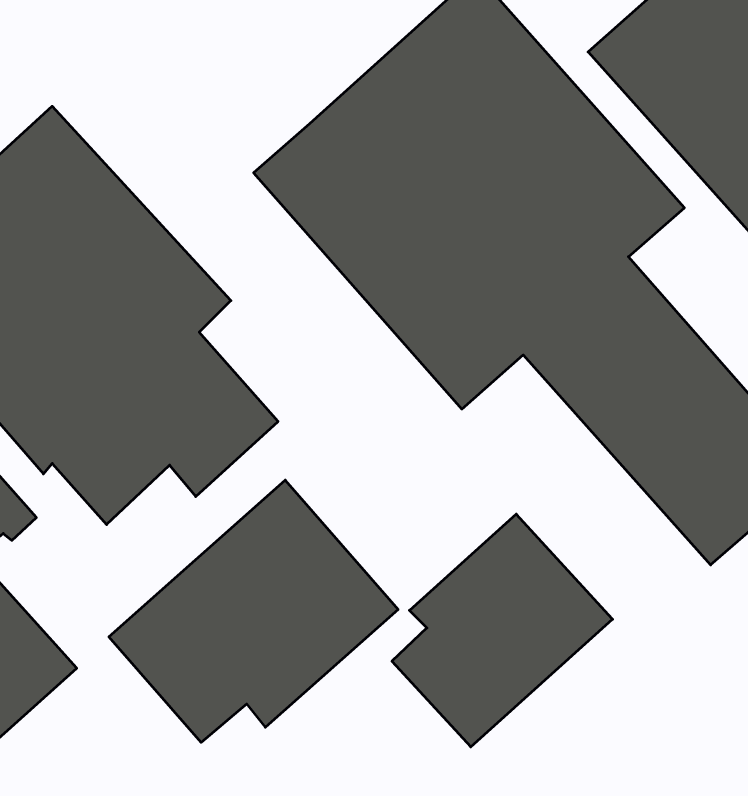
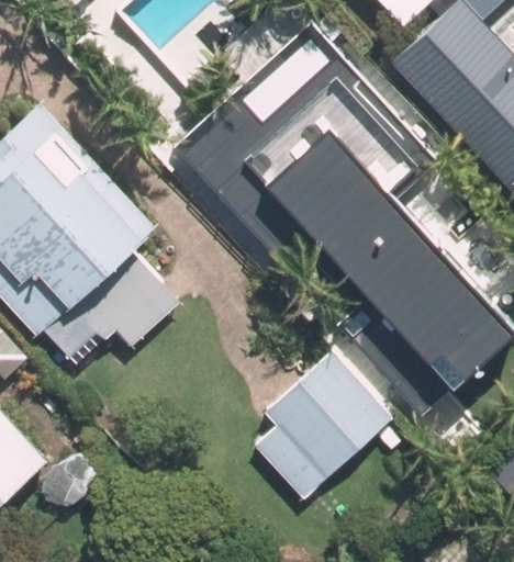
building: [109,480,398,742] -> none

